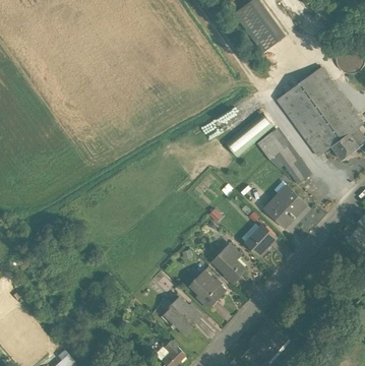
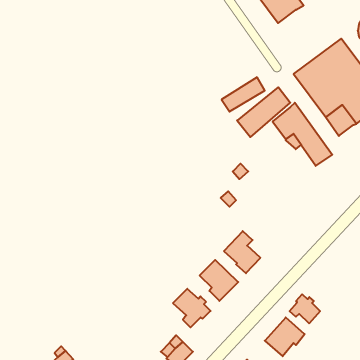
building: [264,185,305,228] -> none
building: [246,225,276,255] -> none
building: none -> [290,294,320,323]

